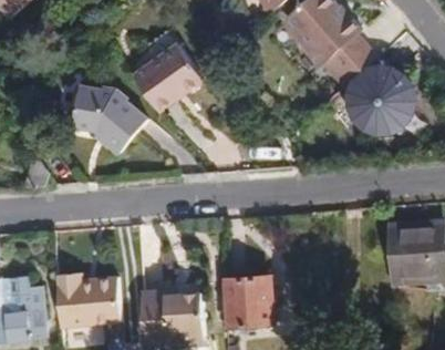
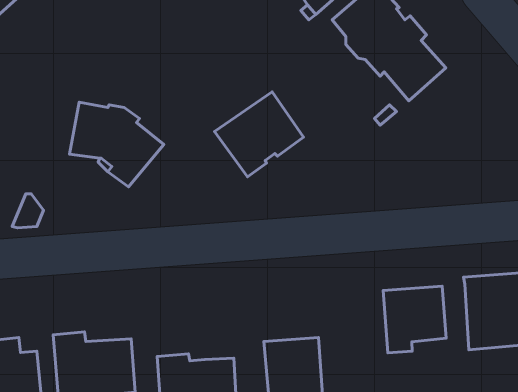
building: [131,42,203,111] -> [215,92,303,177]
building: [346,68,413,134] -> none
building: none -> [383,286,446,353]

